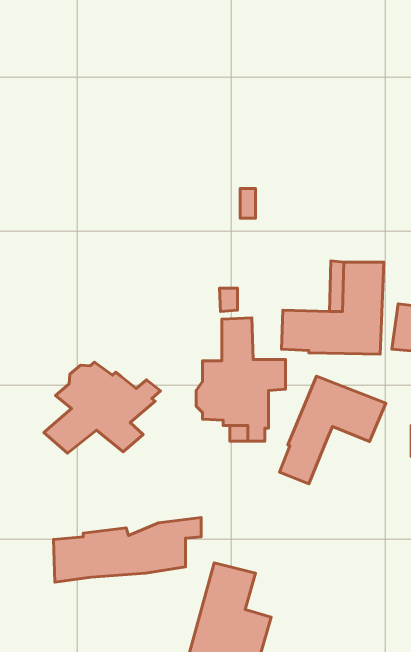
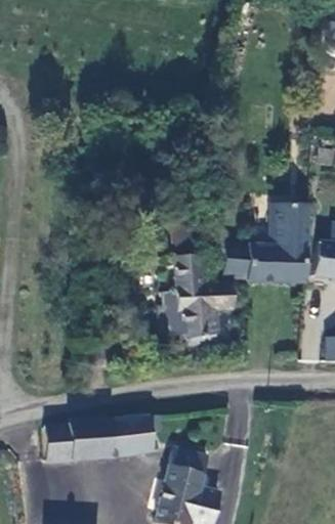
building: [44,362,161,453] -> none
building: [280,376,386,484] -> none

